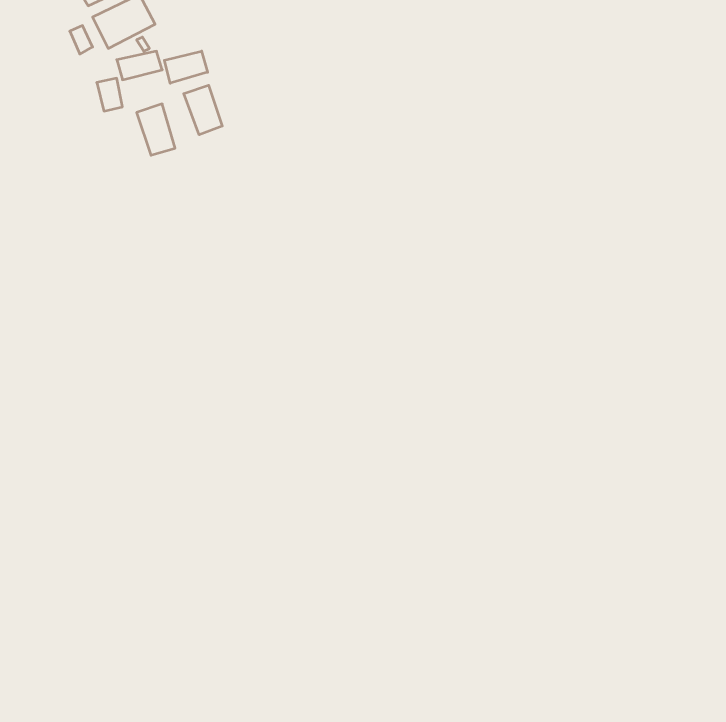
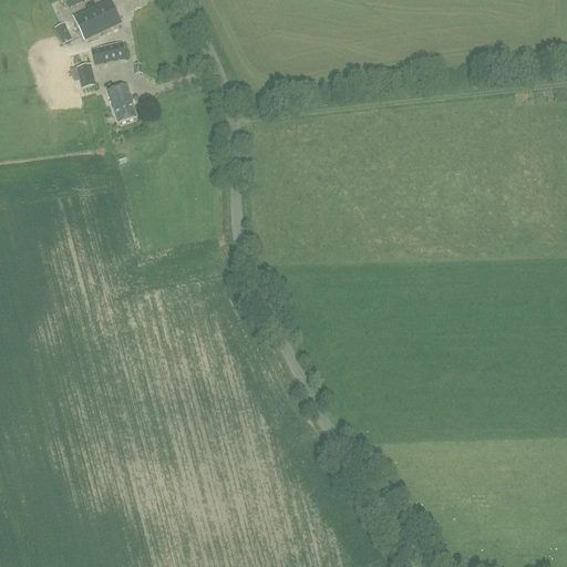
building: [164,51,208,83] -> none
building: [184,85,222,135] -> none

